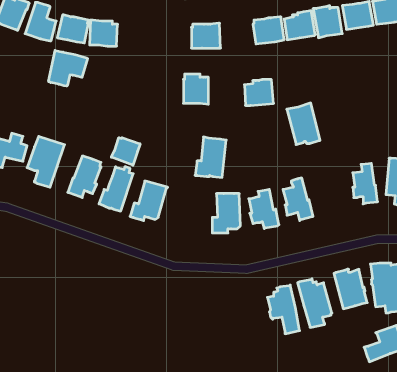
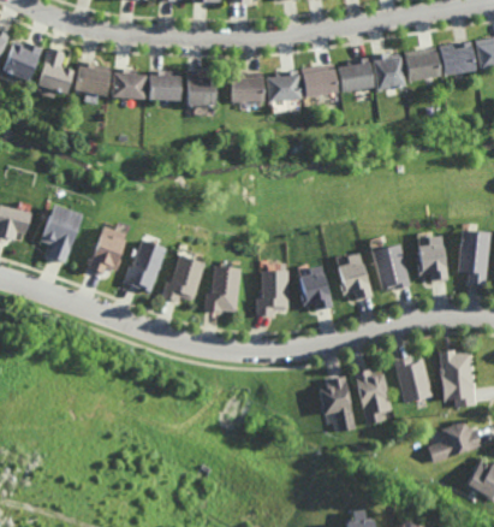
building: none -> [148,70,181,100]
building: [49,50,88,86] -> none
building: [183,74,208,104] -> [188,71,216,106]
building: [244,80,274,105] -> [267,71,300,101]
building: [287,103,320,145] -> [371,242,410,290]
building: [195,137,226,177] -> [203,265,239,312]
building: [111,138,140,165] -> none

